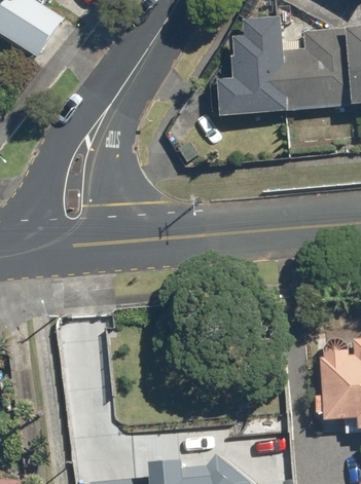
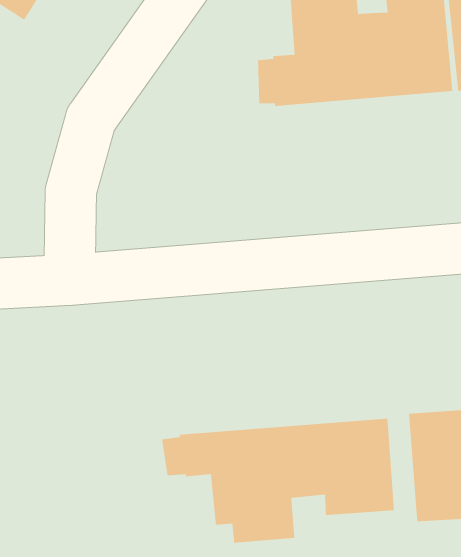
building: none -> [162,418,395,544]

